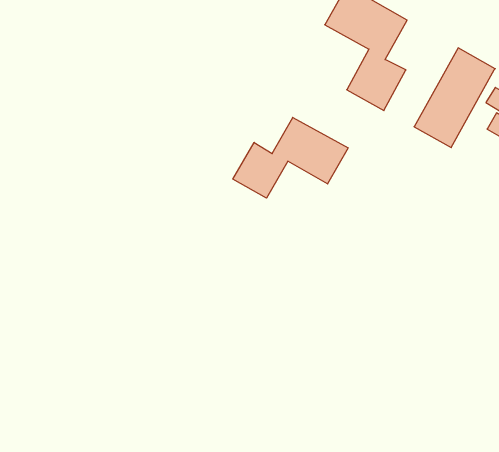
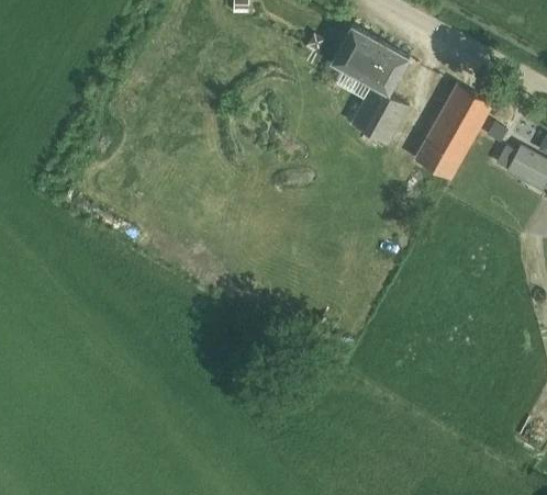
building: [233,117,348,198] -> none

